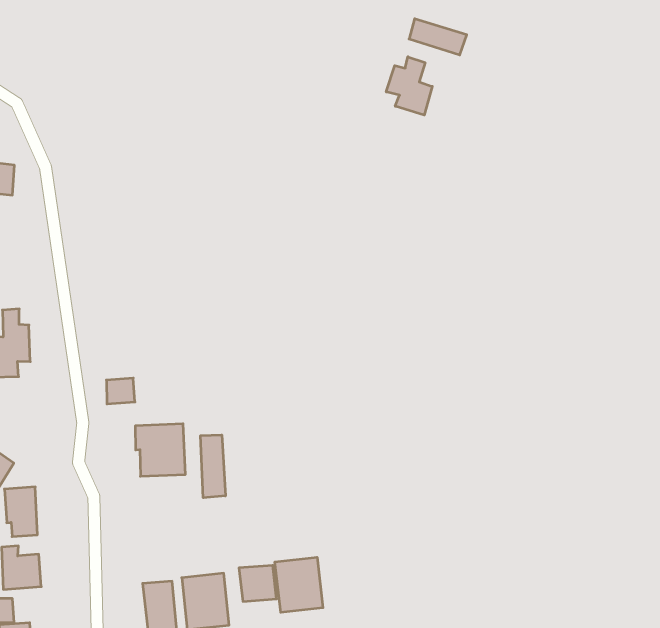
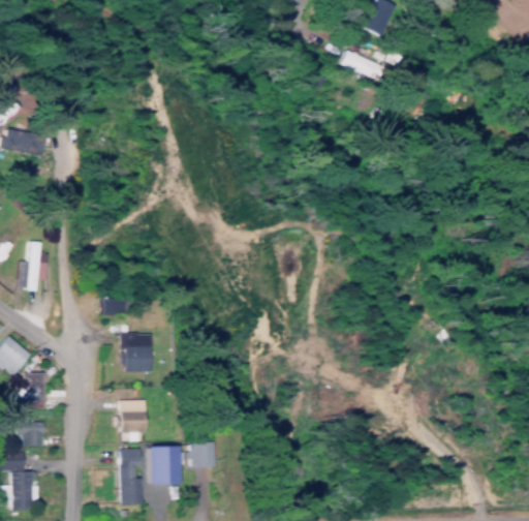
building: [386,57,432,115] -> none
building: [201,435,225,498] -> none
building: none -> [119,399,146,432]
building: [275,557,323,612] -> none

